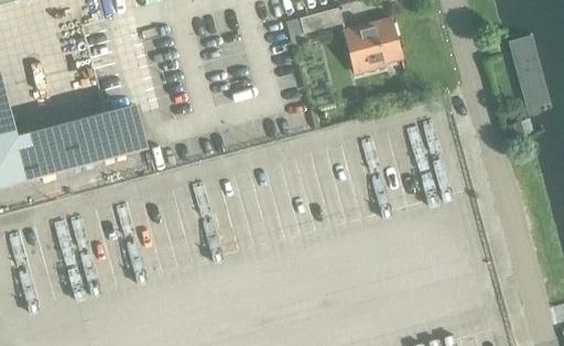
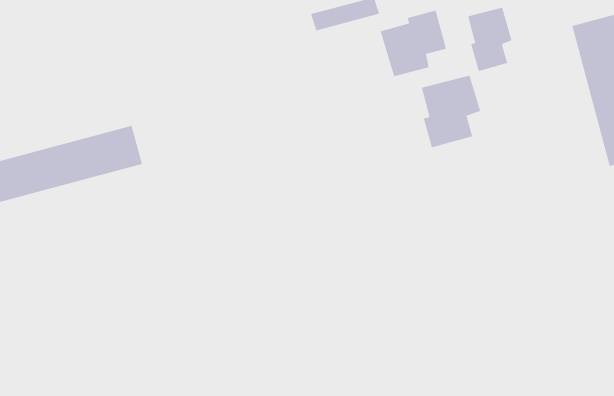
building: none -> [467,7,512,72]
building: none -> [421,75,481,148]

